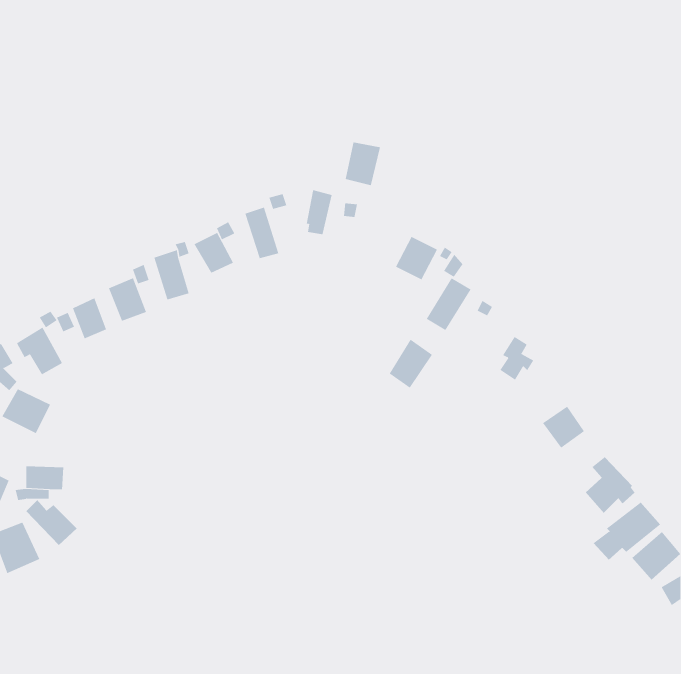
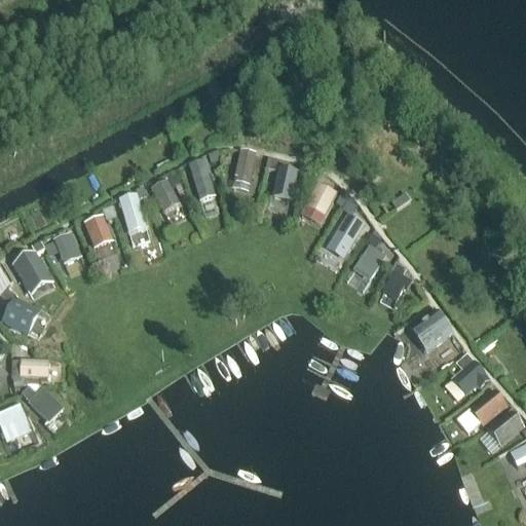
building: [345,142,381,186] -> [271,165,299,199]
building: [389,339,433,388] -> [352,242,386,280]

